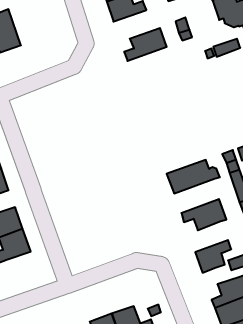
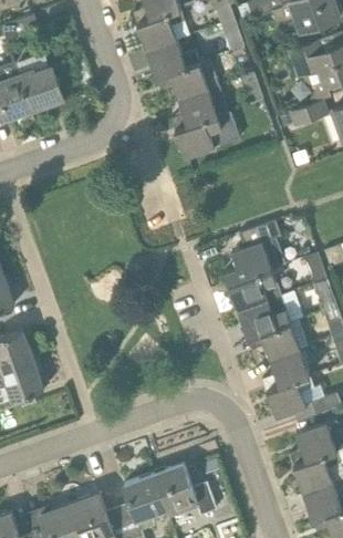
building: none -> [14,54,64,111]
building: none -> [156,59,219,102]
building: none -> [175,112,240,158]
building: none -> [225,220,284,284]
building: none -> [238,291,303,338]
building: none -> [262,349,311,391]

